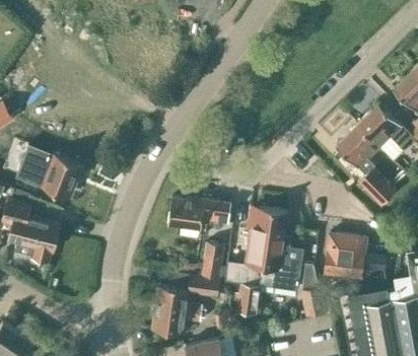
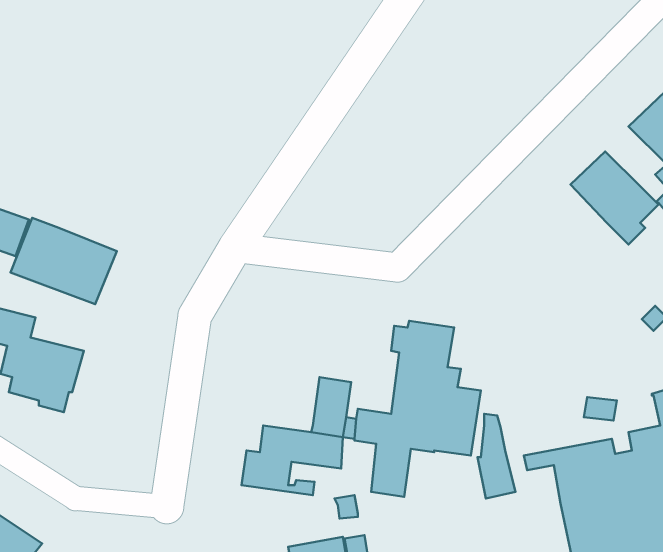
building: [335,125,395,207] -> none
building: [167,198,232,229] -> none
building: [323,233,364,278] -> none
building: [153,308,200,335] -> none

